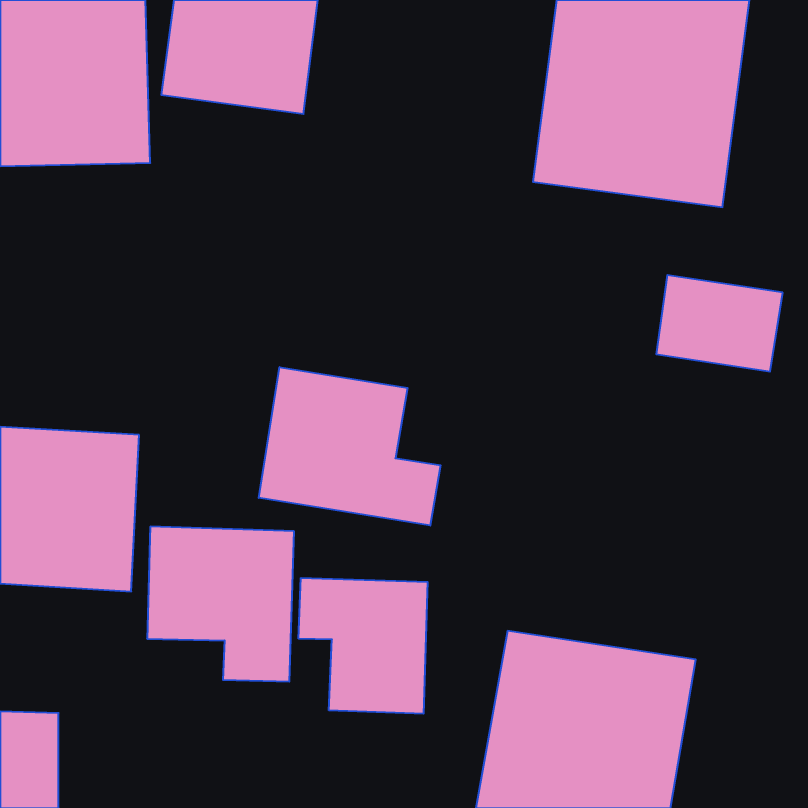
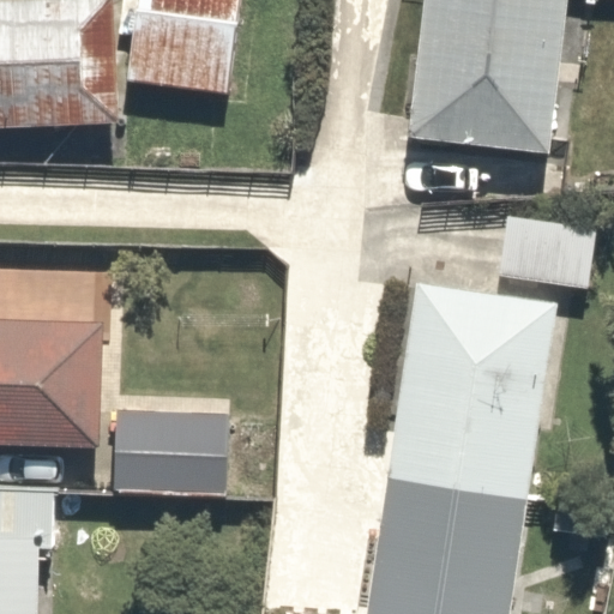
building: none -> [385,277,560,500]
building: [259,367,441,526] -> none
building: [299,578,428,714] -> none

